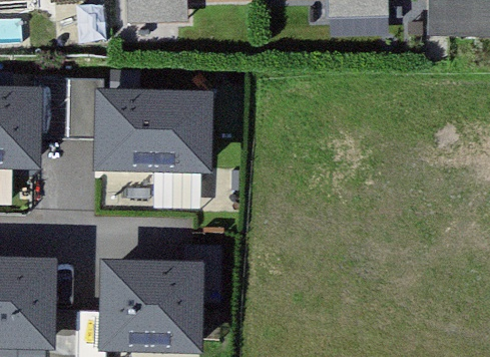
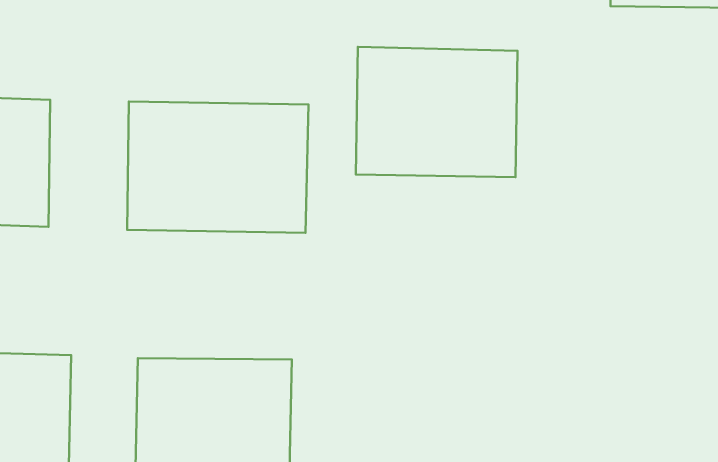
building: none -> [356,47,518,177]

